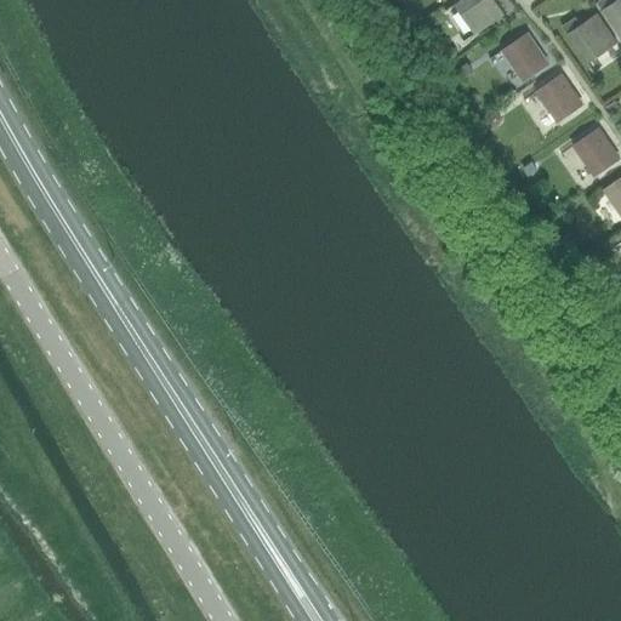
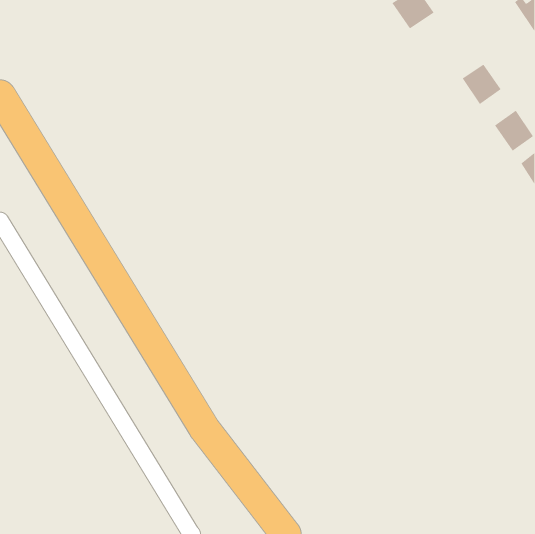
building: [560,15,615,62] -> none
building: [501,32,548,80] -> none

